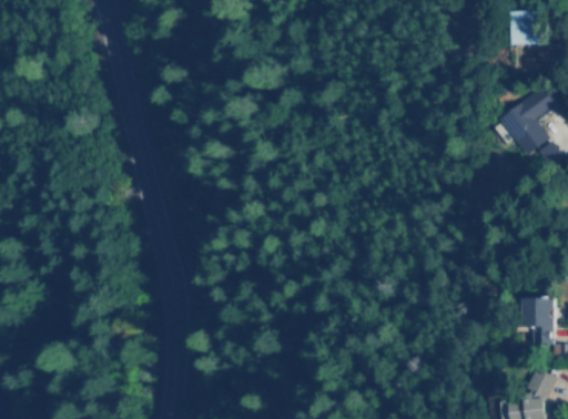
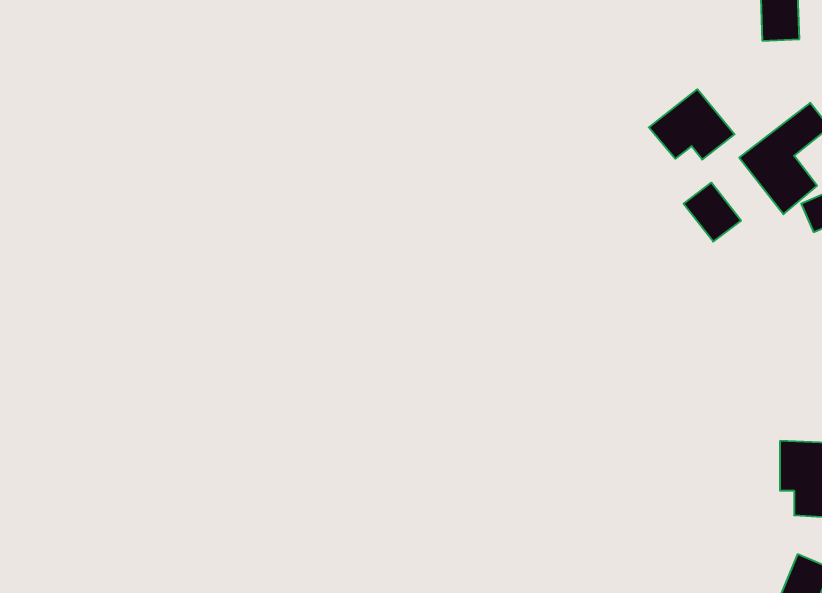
building: none -> [649,89,735,160]
building: none -> [684,183,741,242]

